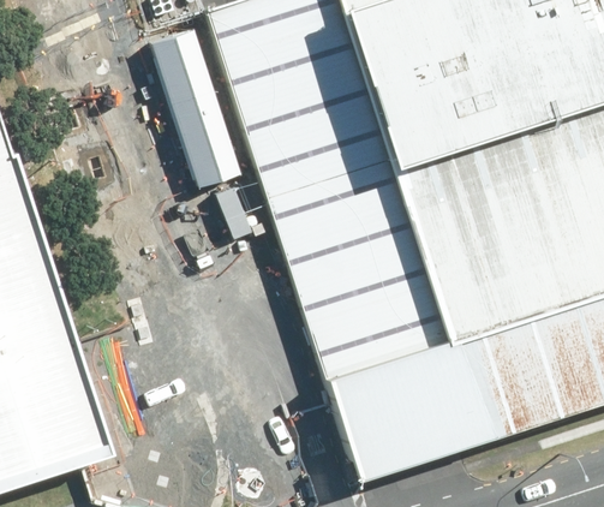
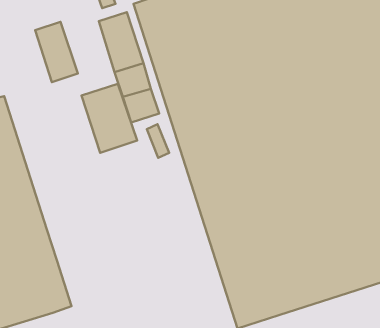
building: none -> [35,22,78,82]
building: none -> [82,84,137,153]

